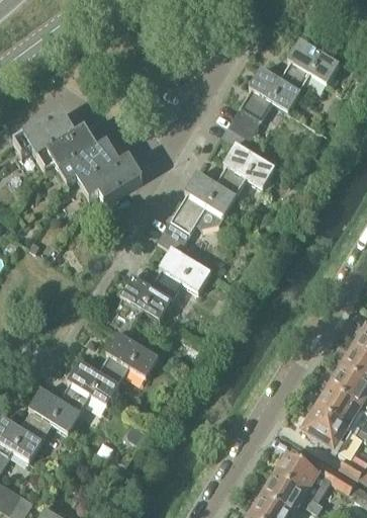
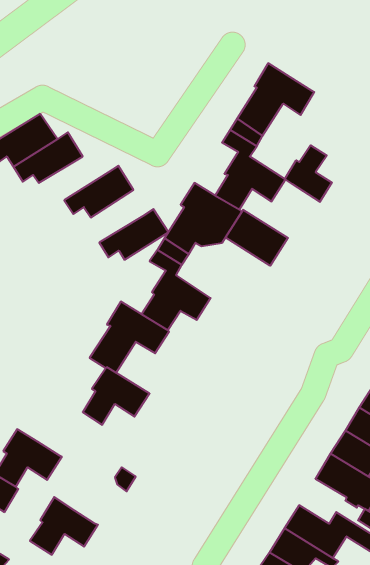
building: [280,38,340,90] -> none
building: none -> [285,145,332,202]
building: [60,142,120,186] -> [99,209,168,260]
building: none -> [225,210,288,266]
building: [59,360,118,411] -> [30,497,98,555]

